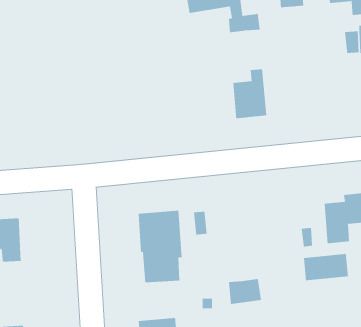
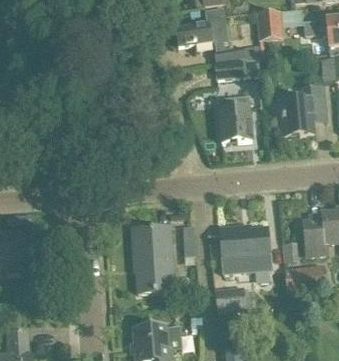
building: none -> [214,58,260,107]
building: none -> [279,84,325,135]
building: none -> [218,221,270,268]

